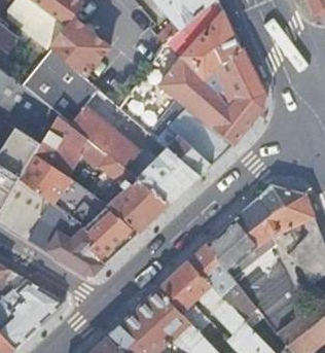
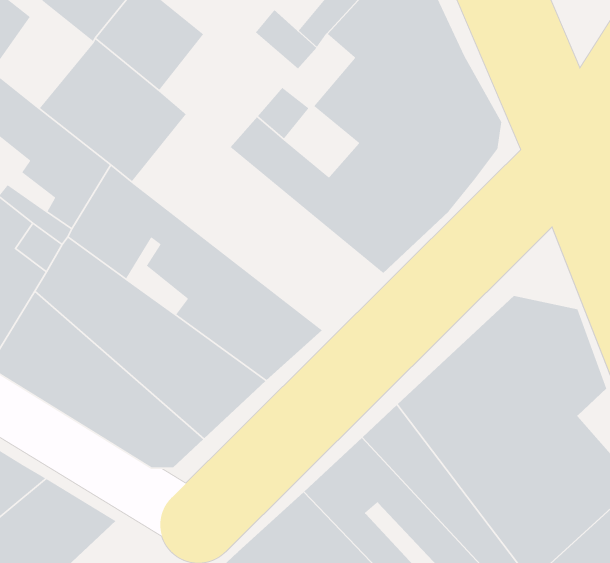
building: [71,105,204,204] -> none

